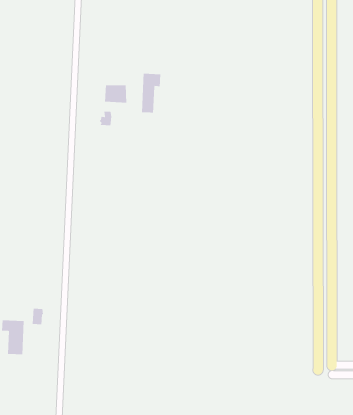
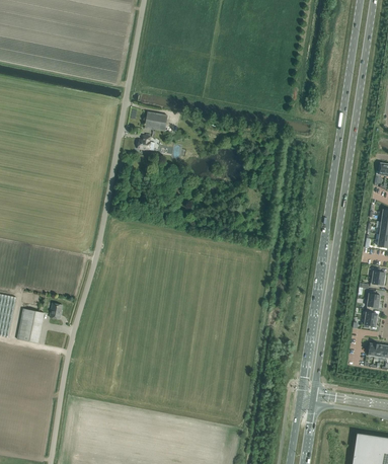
building: [141,73,161,114] -> none

